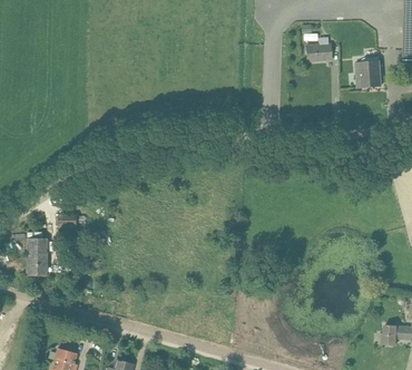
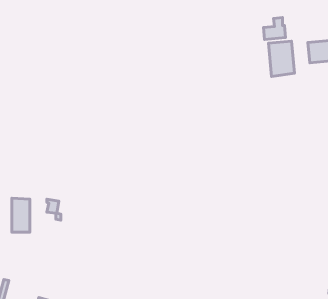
building: none -> [268,41,295,76]

